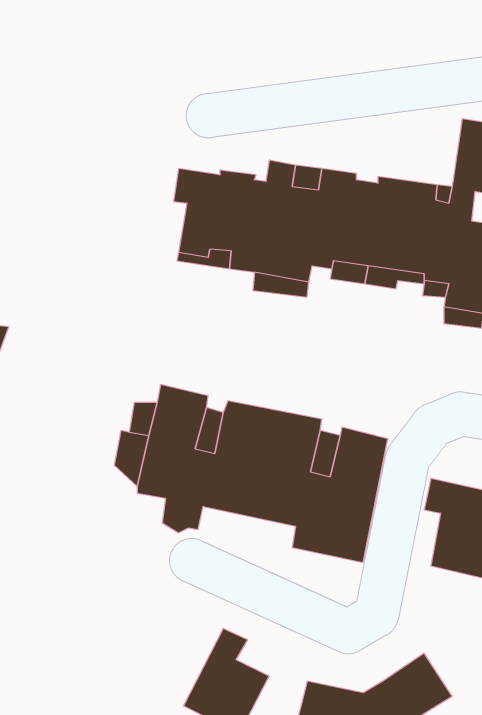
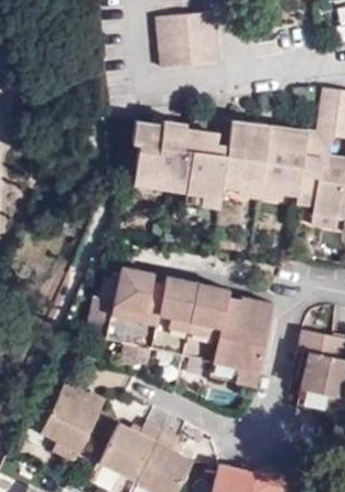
building: none -> [160,14,223,69]
building: none -> [41,392,106,451]
building: none -> [99,420,163,481]

